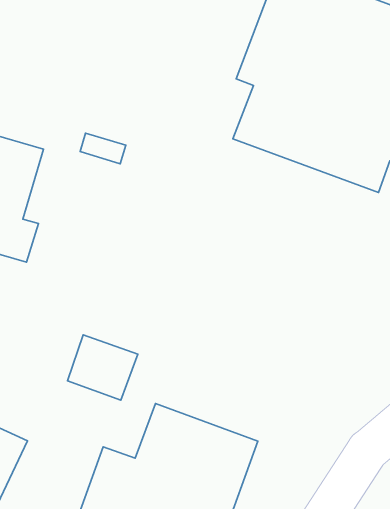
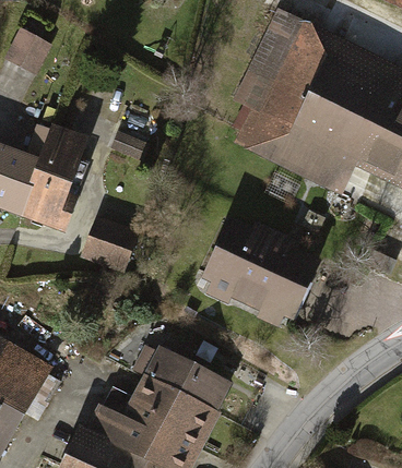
building: none -> [203,218,324,322]
building: [68,335,138,400] -> [83,215,140,268]

